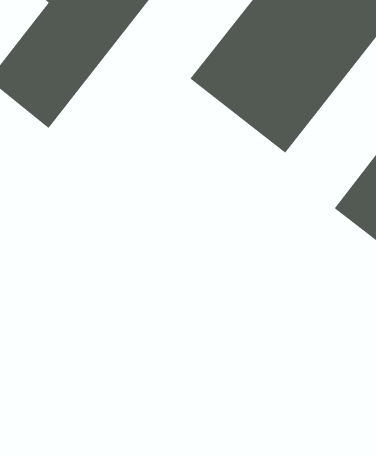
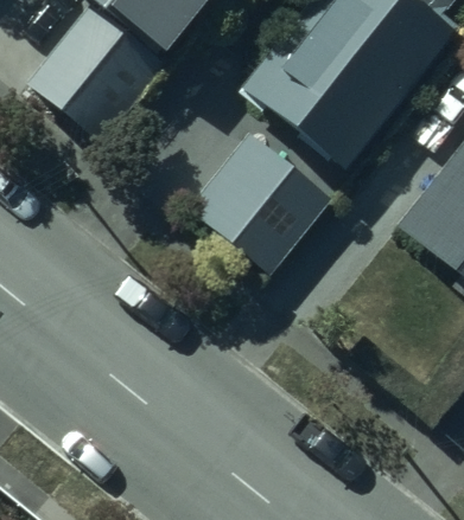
building: none -> [187,133,332,277]

